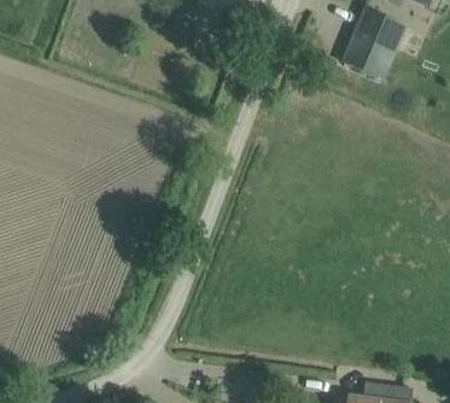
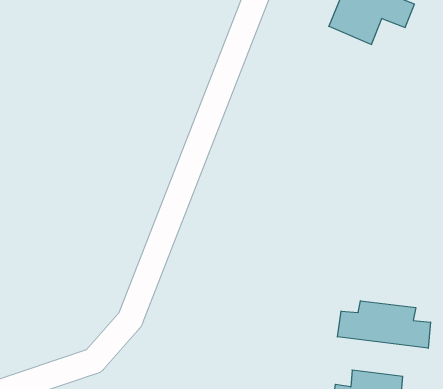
building: none -> [337,301,430,348]

